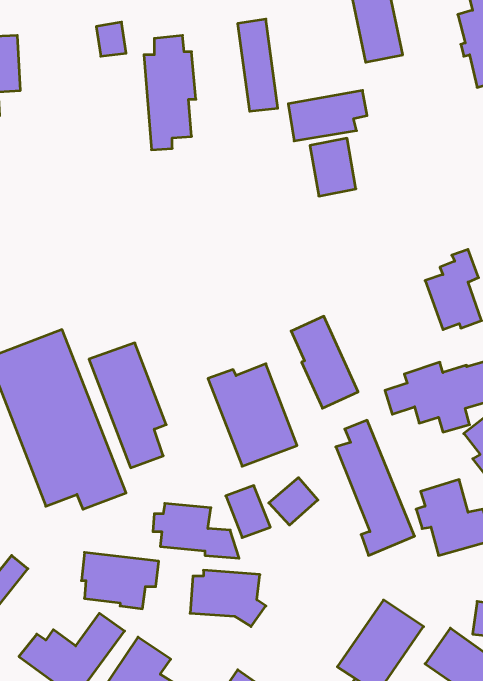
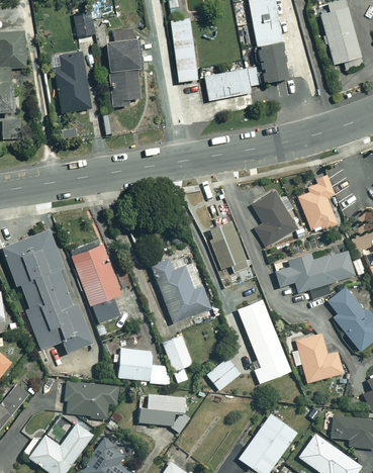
building: none -> [50,45,94,113]
building: [310,138,356,196] -> [258,42,289,82]
building: none -> [252,191,296,246]
building: [269,478,318,525] -> [206,358,240,390]

